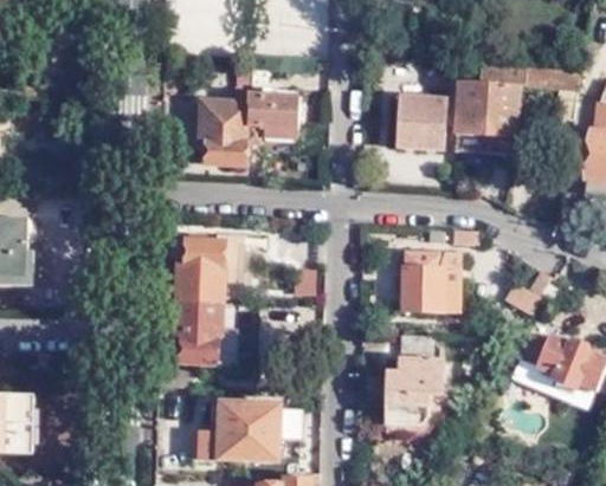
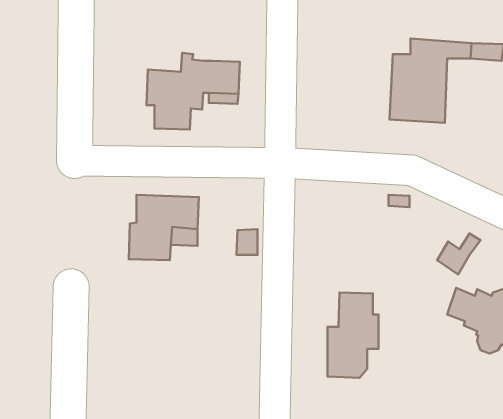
building: [398,97,446,150] -> none
building: [402,253,459,313] -> none
building: [175,300,221,362] -> none
building: [201,398,281,458] -> none

